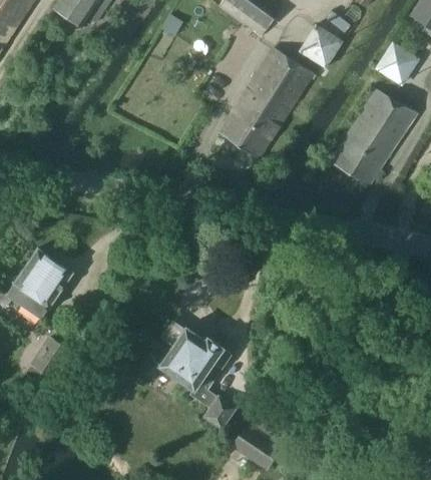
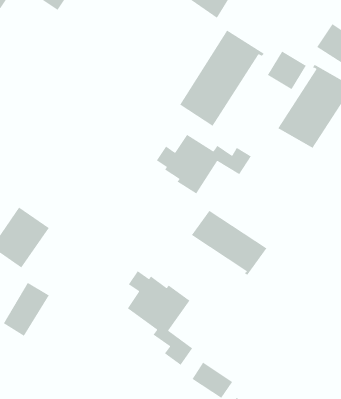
building: [298,23,343,68] -> [267,50,307,90]
building: none -> [156,134,252,195]
building: none -> [191,210,267,276]

